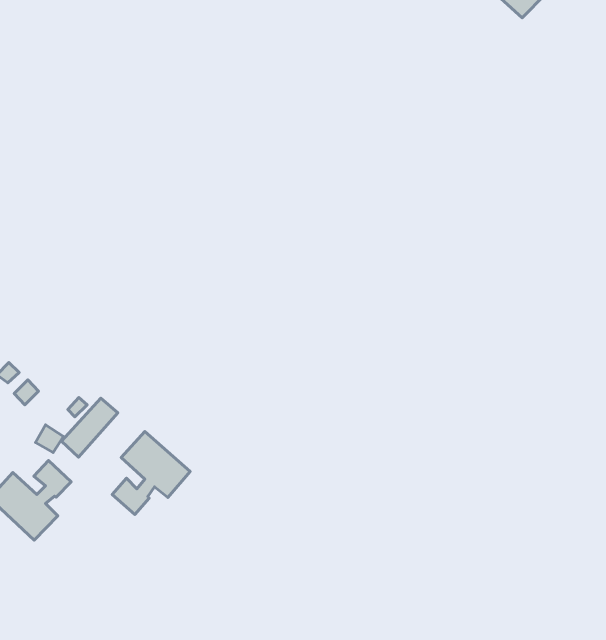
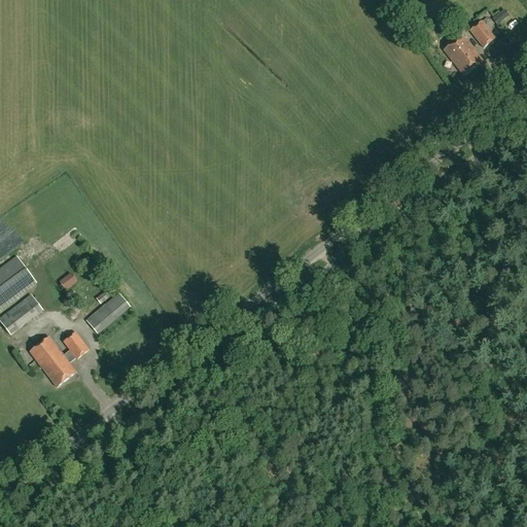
building: [112,431,190,515] -> none

